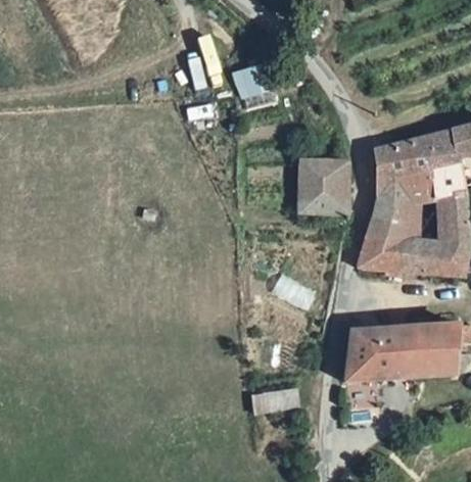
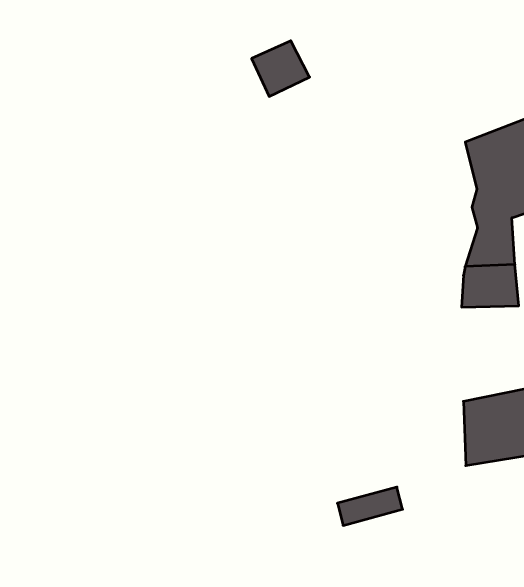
building: [294,159,350,211] -> none

